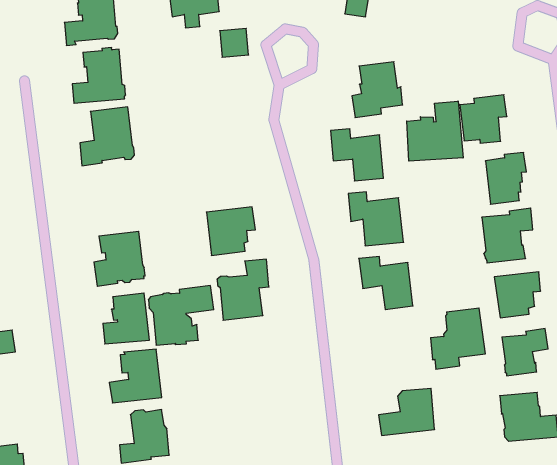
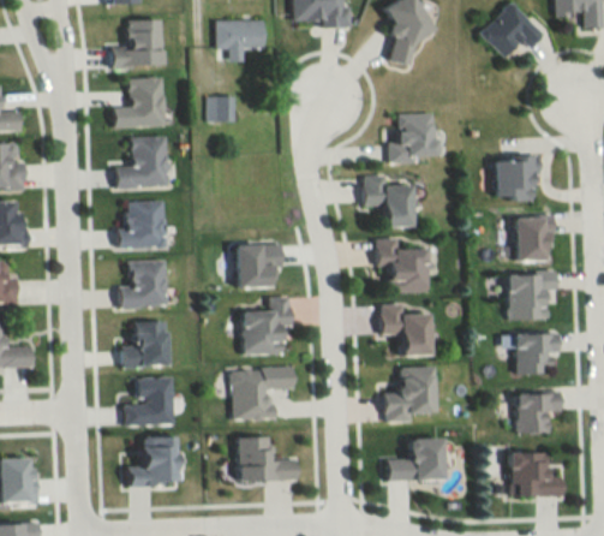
building: [220,28,249,57] -> [209,95,235,121]
building: [407,101,463,161] -> none
building: none -> [118,199,167,249]
building: [148,286,214,345] -> [229,365,293,421]
building: [431,308,485,369] -> [384,367,437,423]
building: none -> [237,435,297,481]

